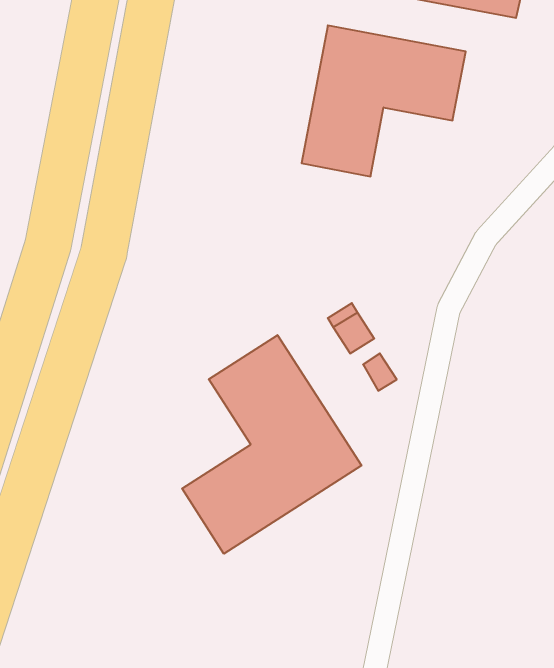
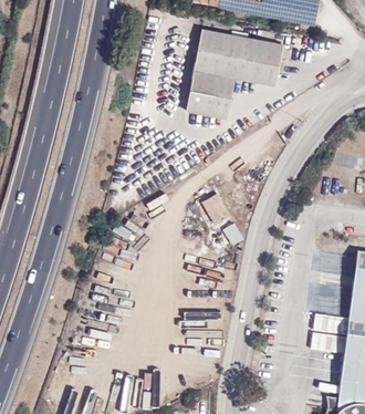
building: [182,335,361,554] -> none

